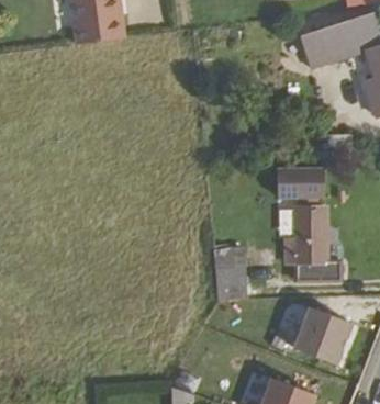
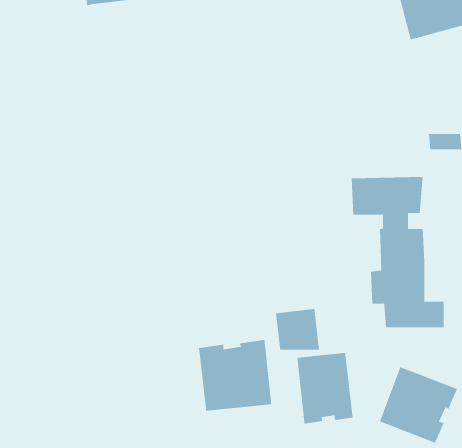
building: none -> [198,339,272,411]
building: none -> [297,352,353,424]

